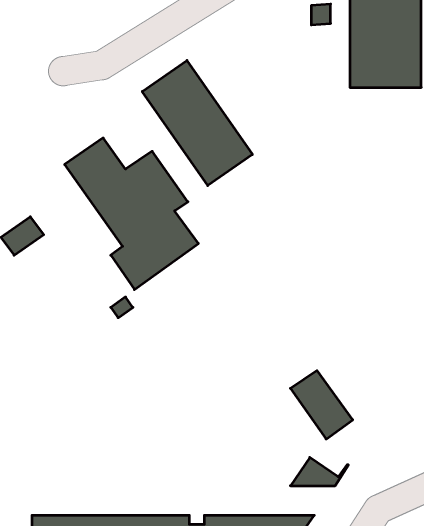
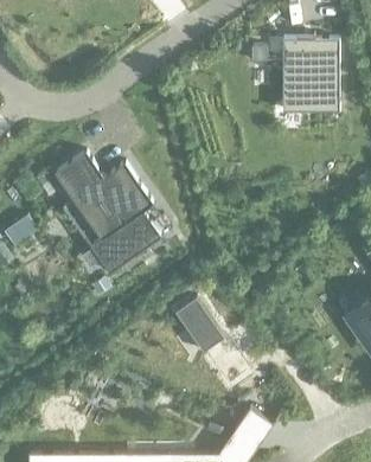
building: [142,60,252,186] -> none
building: [290,371,353,439] -> [174,299,224,353]

